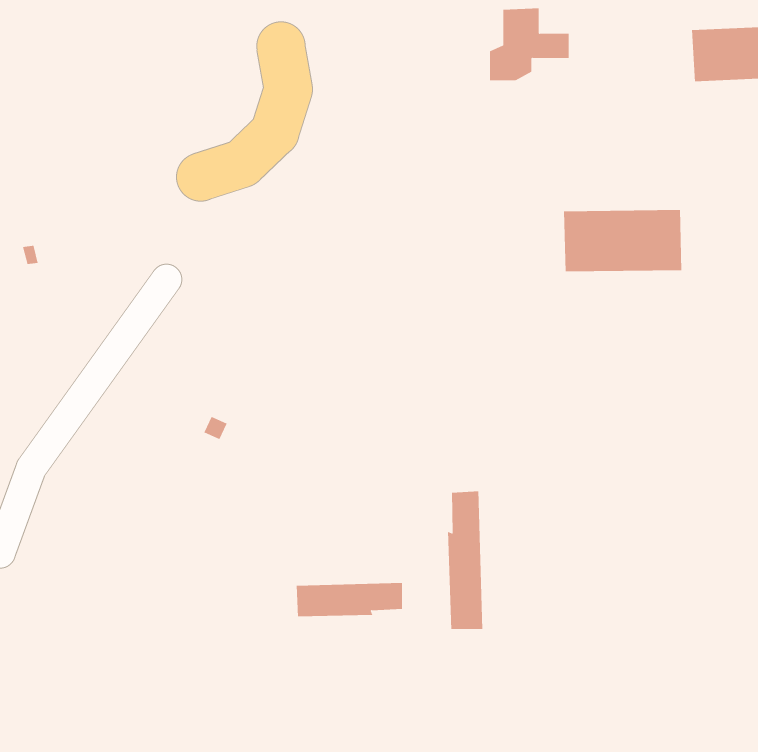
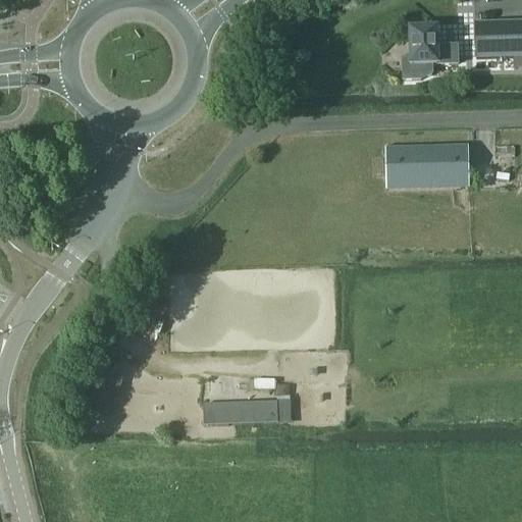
building: [489,8,569,81] -> [403,27,458,76]
building: [447,491,483,630] -> none

